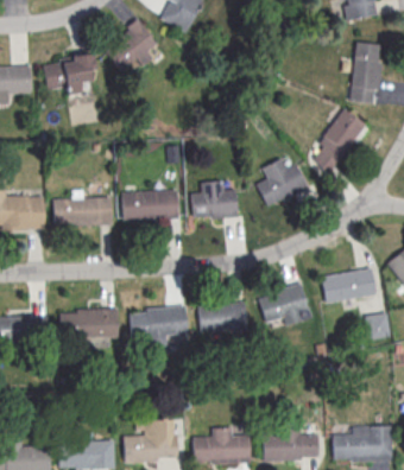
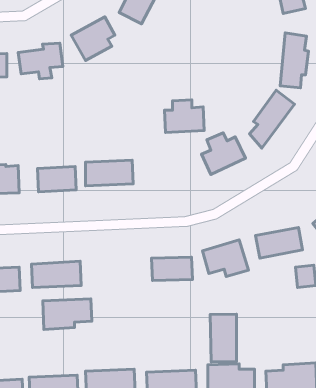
building: [192,180,239,218] -> [164,100,204,132]
building: [131,307,188,343] -> [43,299,92,329]
building: none -> [210,314,237,362]

